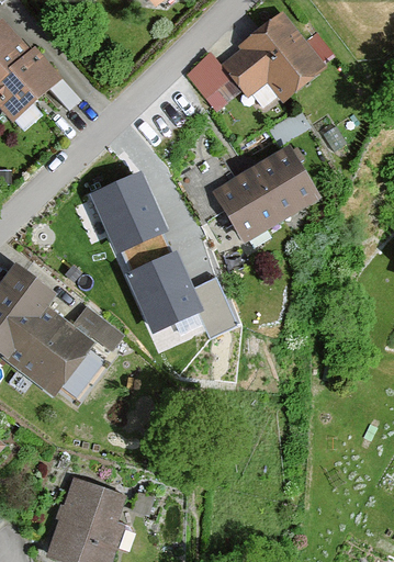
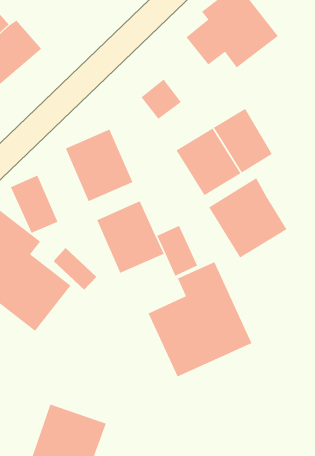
building: [184,52,230,98] -> [140,79,182,120]
building: none -> [10,174,59,234]
building: none -> [208,177,288,259]
building: none -> [148,261,252,378]

